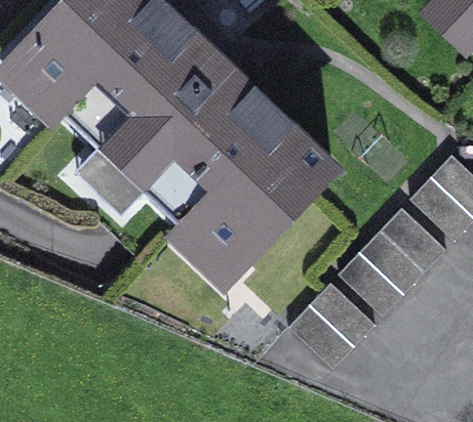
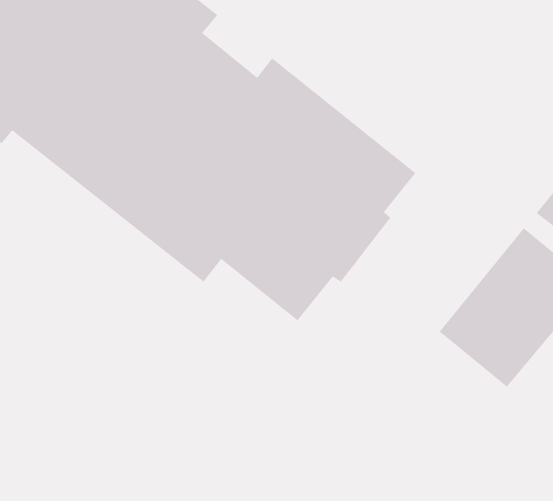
building: [289,283,377,369] -> none

